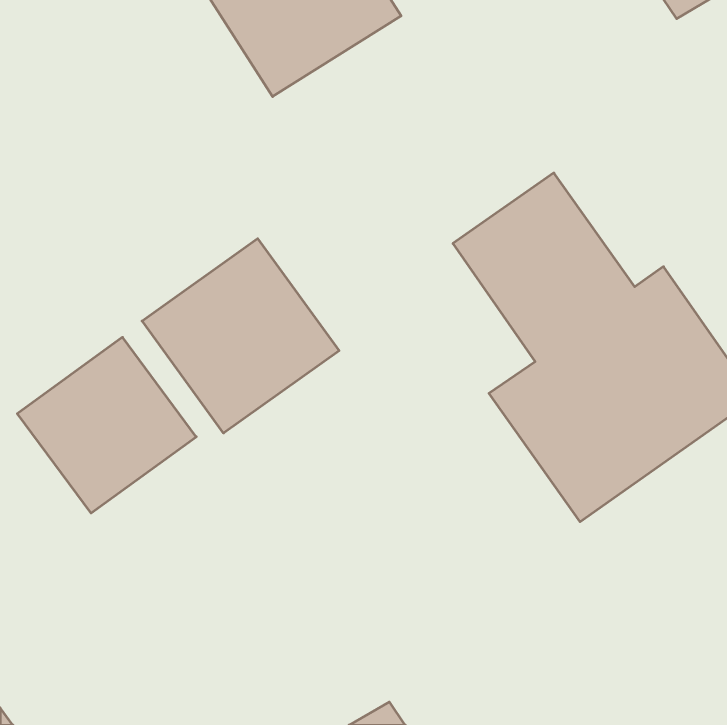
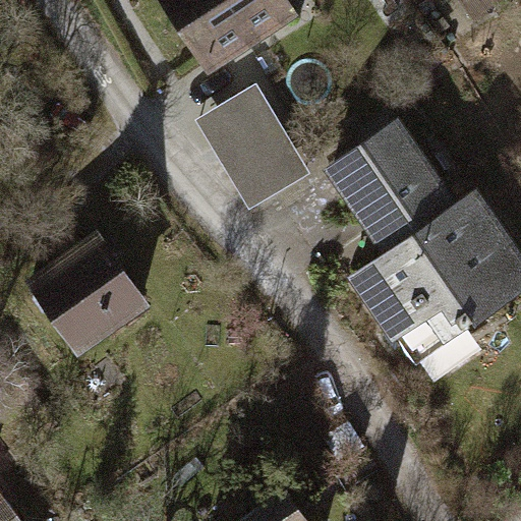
building: none -> [202,73,316,197]
building: [142,239,339,433] -> none

